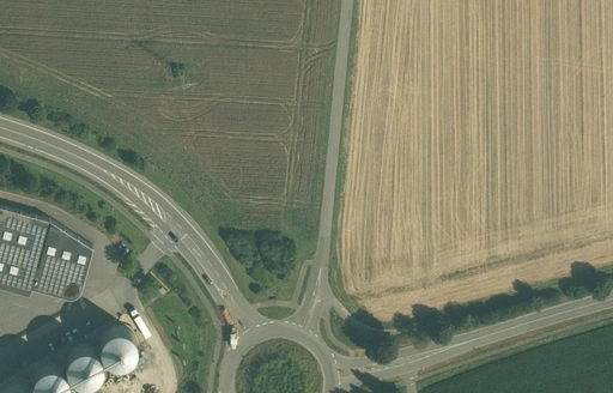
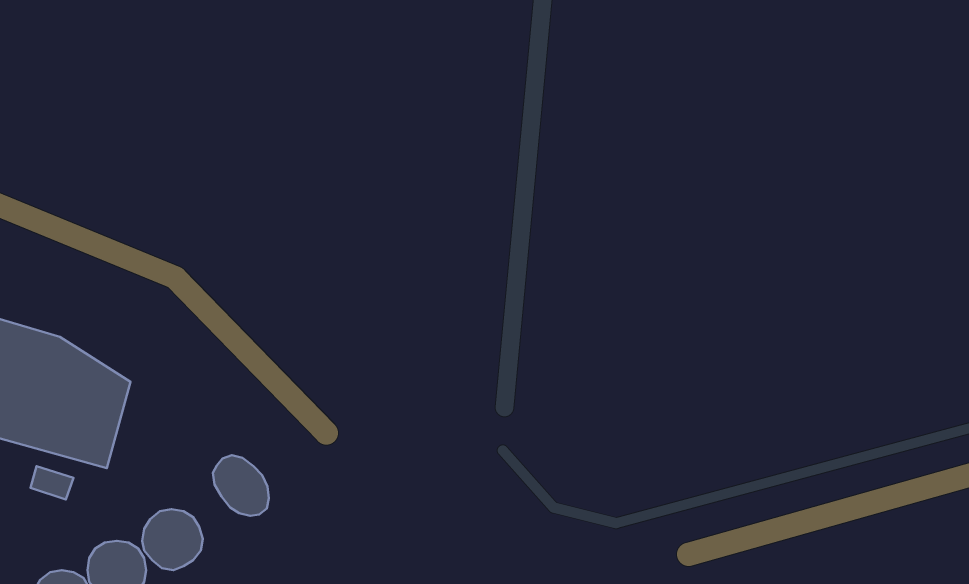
building: none -> [213,455,269,516]

